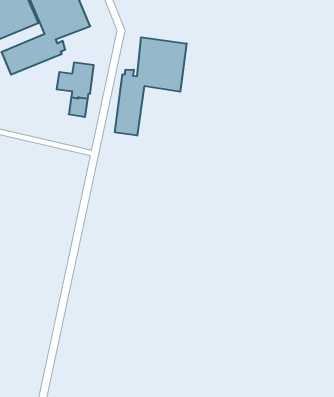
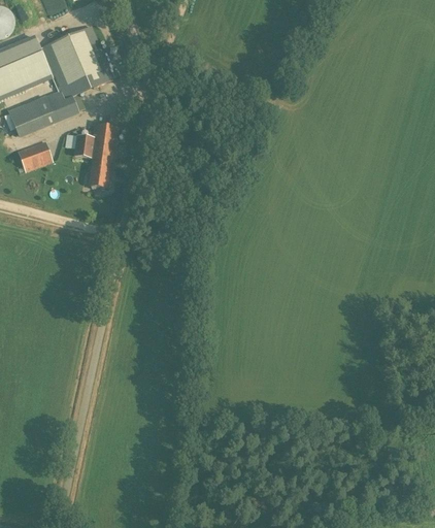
building: [115,37,187,136] -> none
building: none -> [13,141,49,172]

